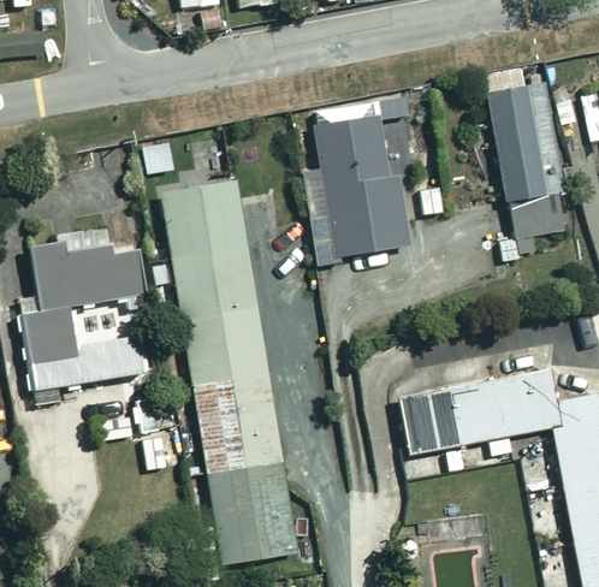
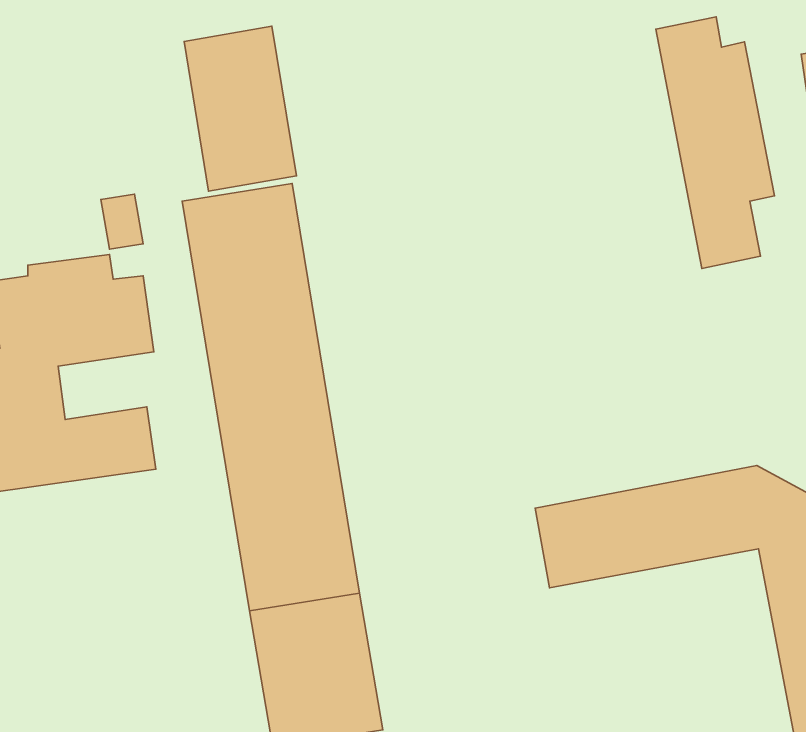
building: none -> [184,26,296,191]
building: [301,96,420,265] -> none

